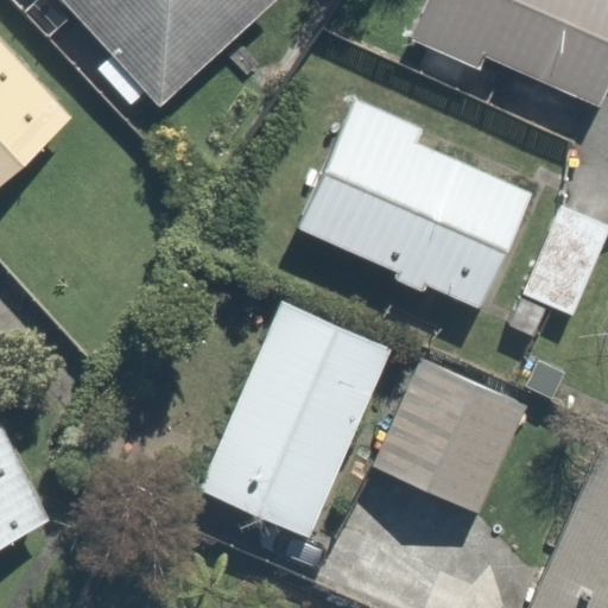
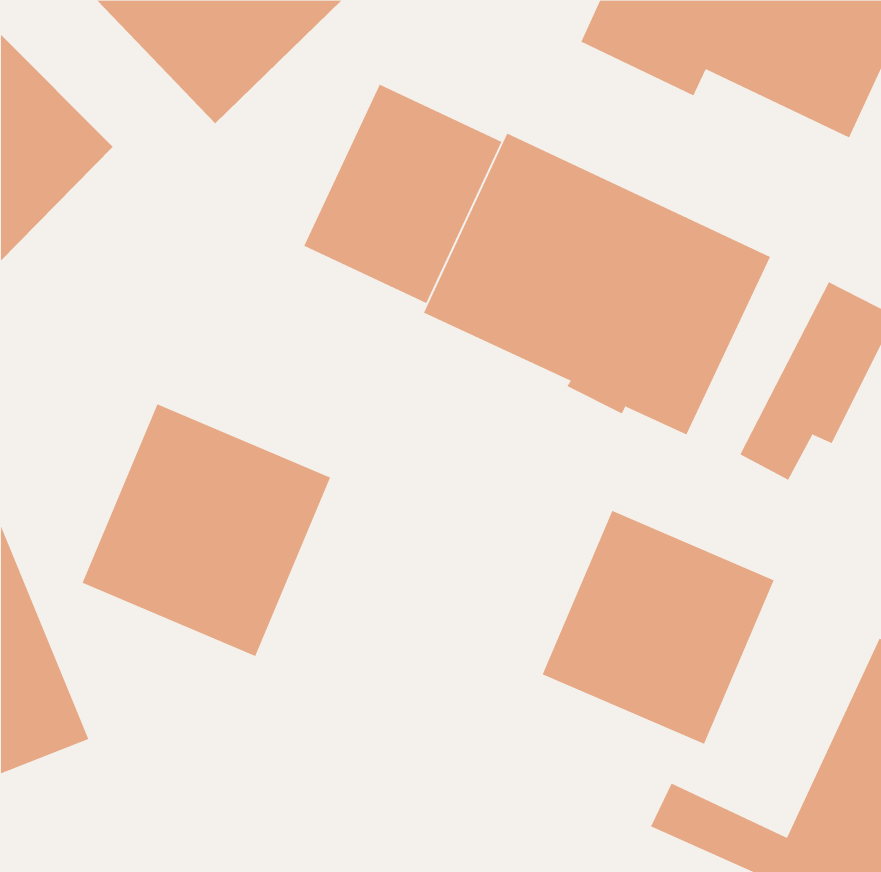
building: none -> [304,84,502,304]
building: none -> [82,404,331,657]
building: [196,294,391,531] -> none

